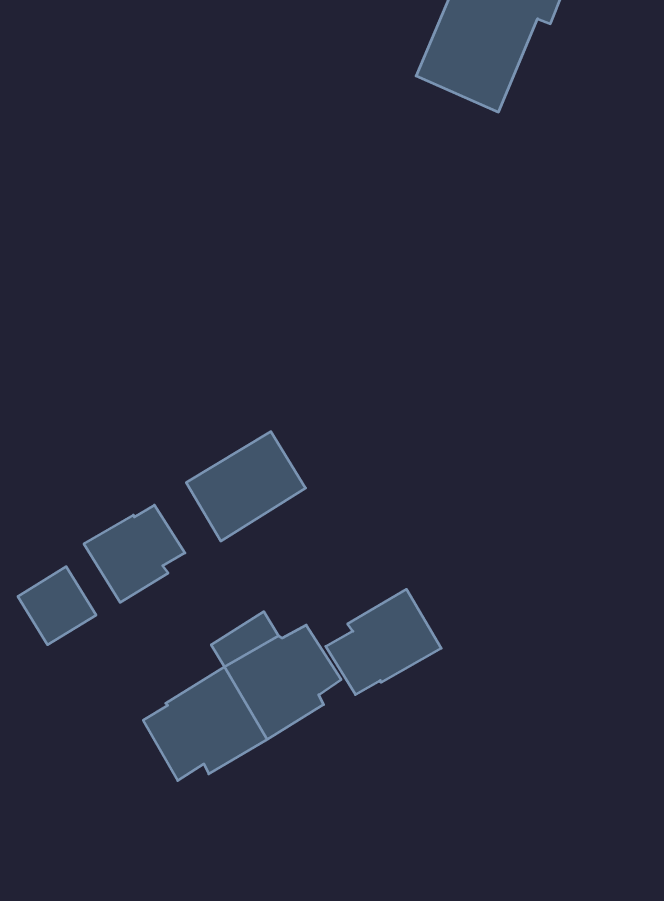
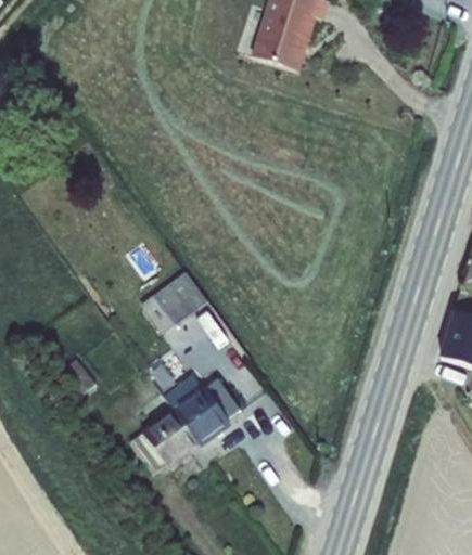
building: [84,505,185,602] -> none
building: [326,589,441,695] -> none

